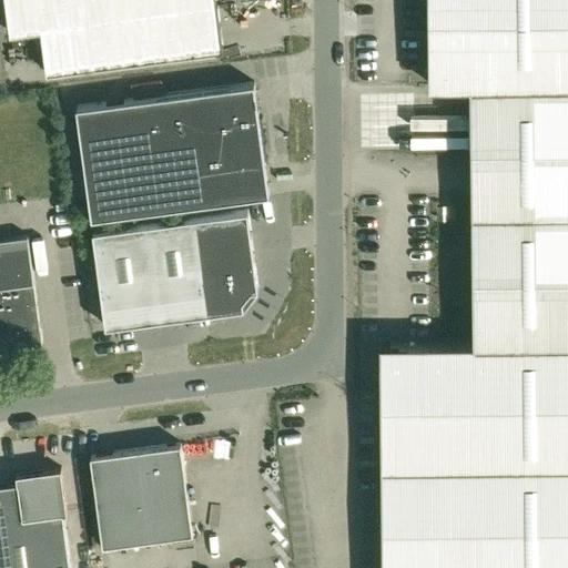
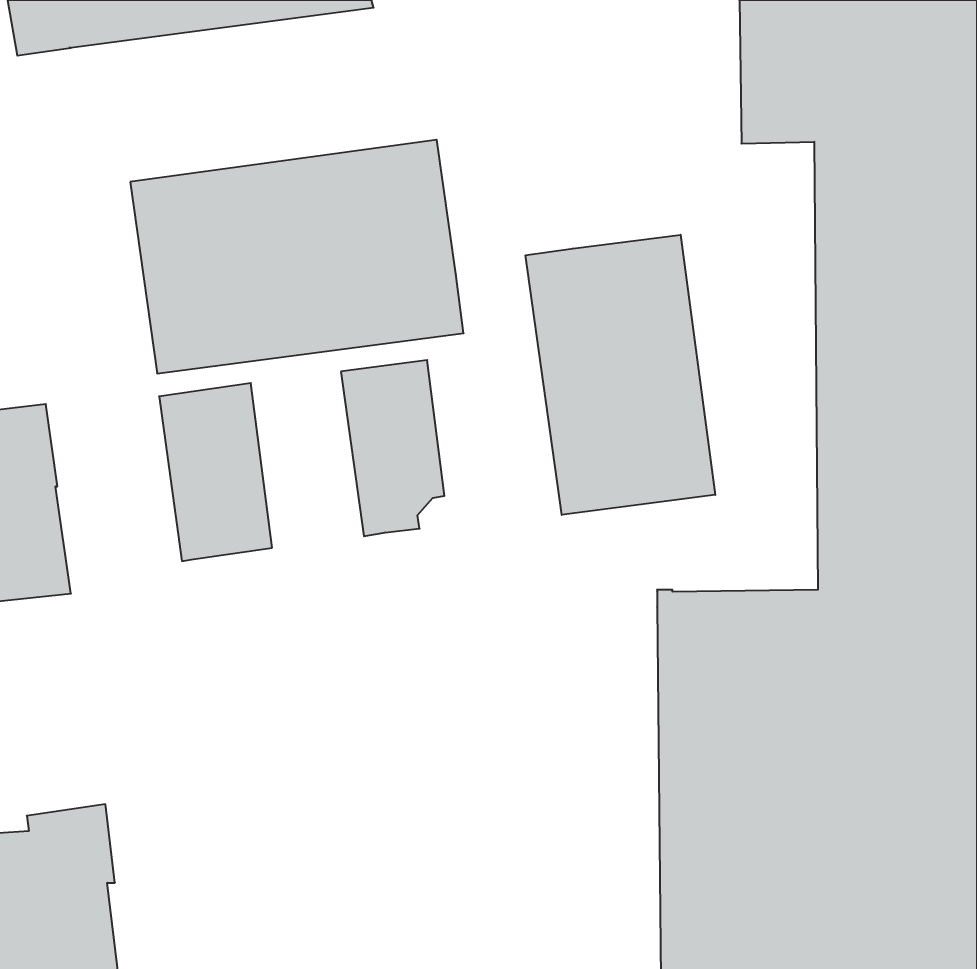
building: [40,10,222,77] -> none
building: none -> [526,235,715,515]
building: [145,221,211,323] -> none
building: [90,447,192,549] -> none

